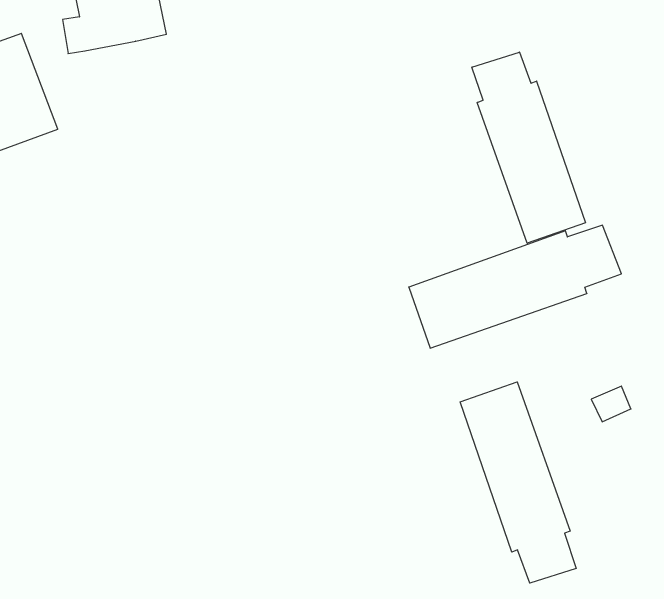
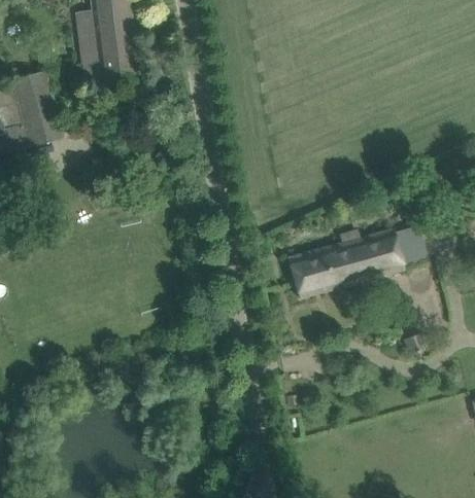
building: [472,52,585,243] -> none
building: [460,382,576,583] -> none

